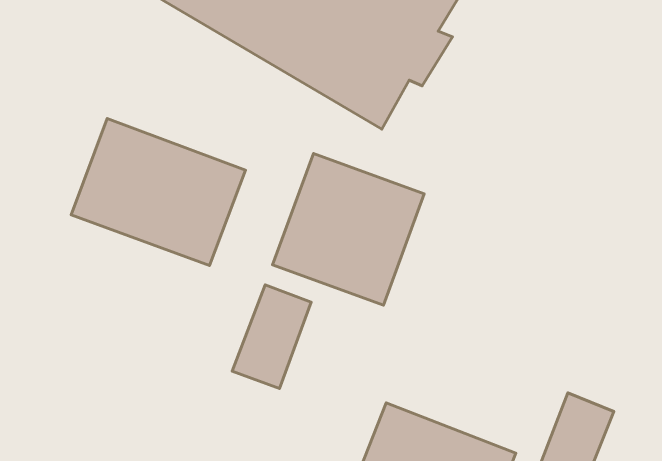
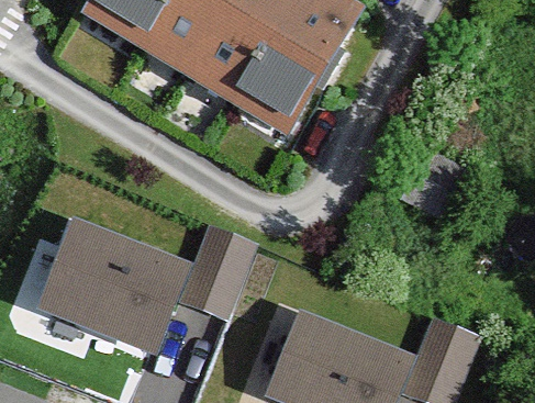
building: [71,118,246,265] -> [41,235,174,347]
building: [273,153,424,305] -> none

